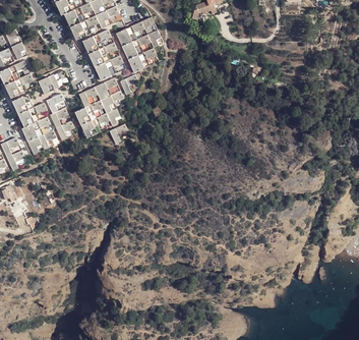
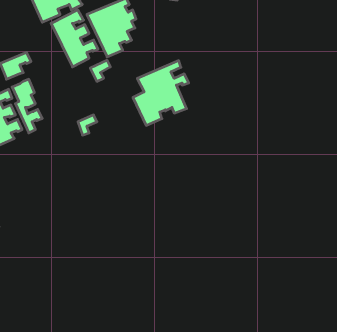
building: [73,77,124,136] -> [133,61,189,125]

